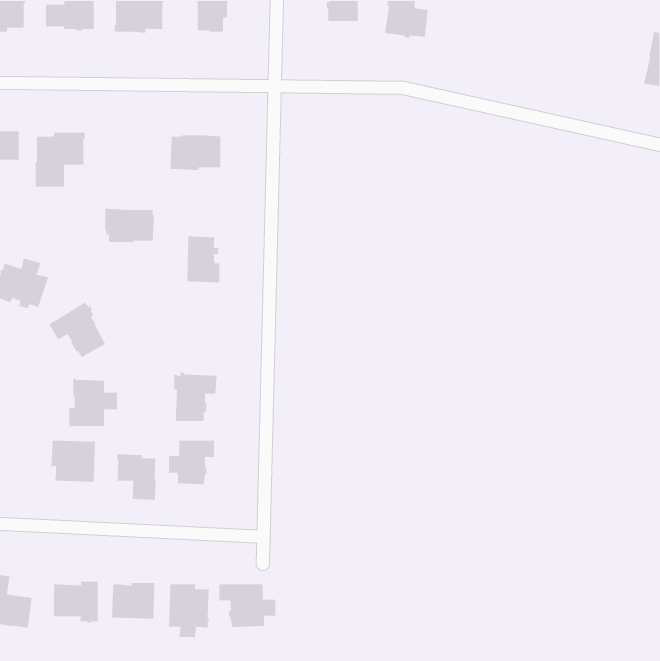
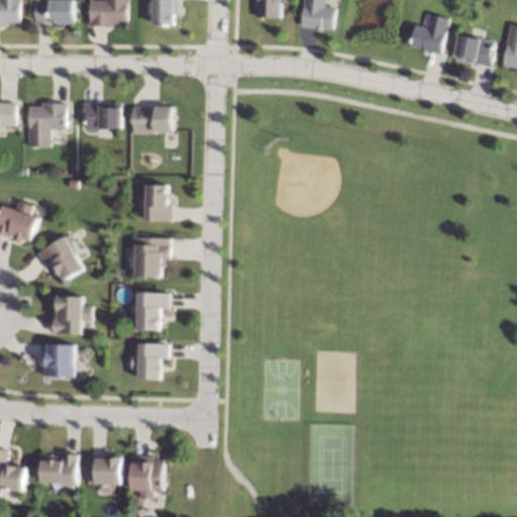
building: none -> [410,14,449,55]
building: none -> [453,33,495,68]
building: [104,208,155,243] -> [83,102,122,129]
building: none -> [133,237,170,278]
building: [116,454,157,500] -> none
building: [219,584,276,628] -> none

